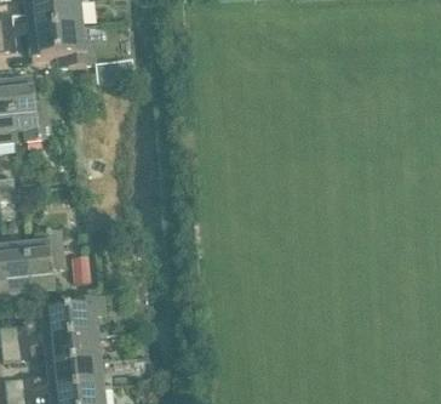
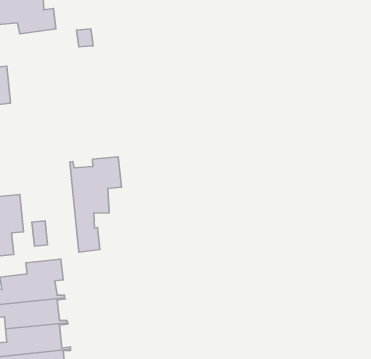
building: none -> [70,157,121,252]

